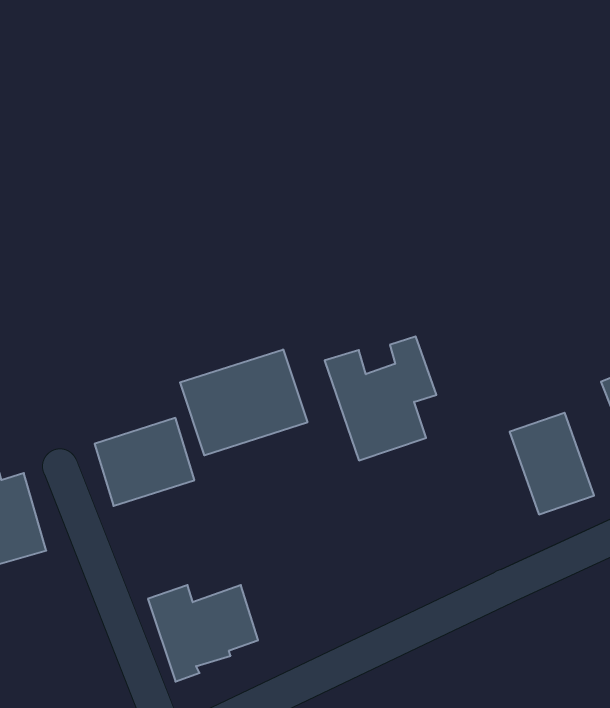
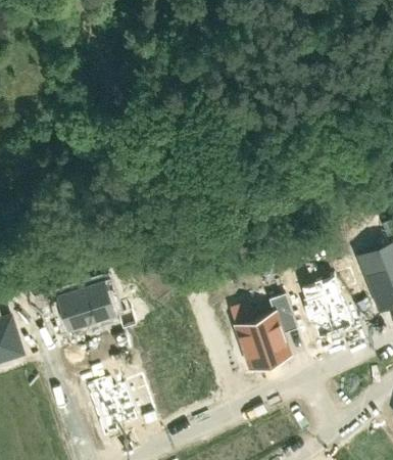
building: [325,336,436,460] -> [232,296,298,370]
building: [180,349,307,455] -> none

